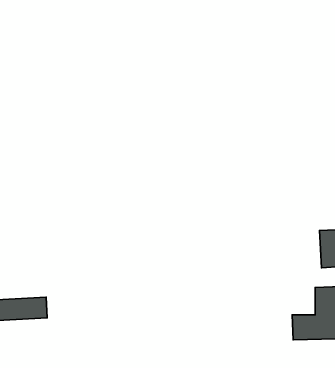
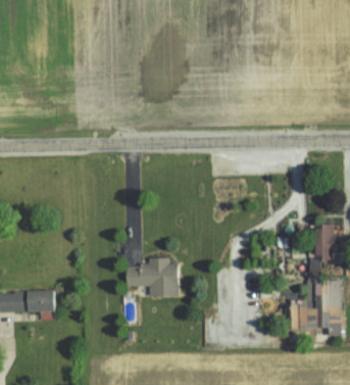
building: none -> [126,258,180,297]

